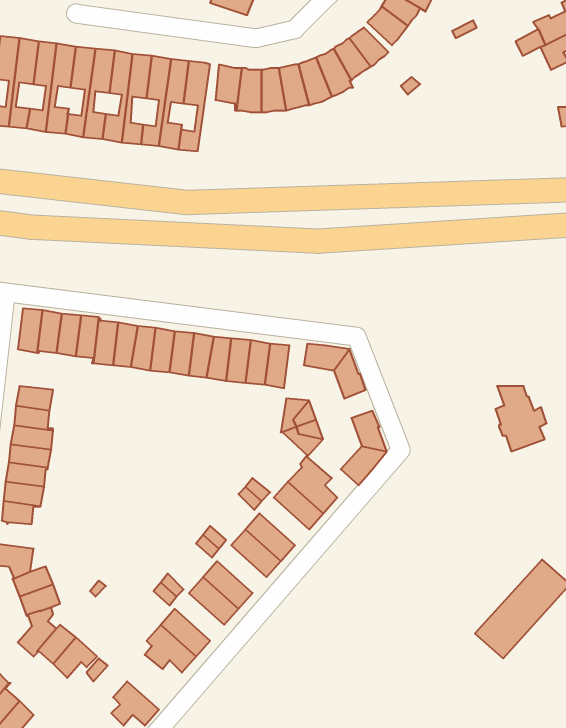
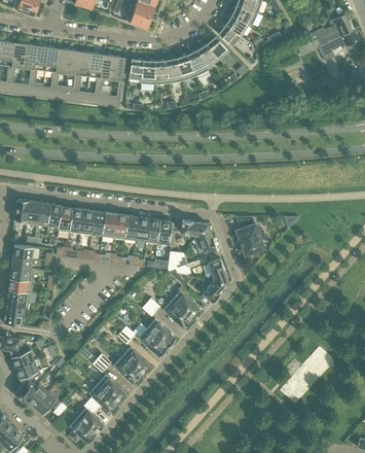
building: [495,386,547,451] -> [236,216,266,254]
building: none -> [78,400,105,432]

